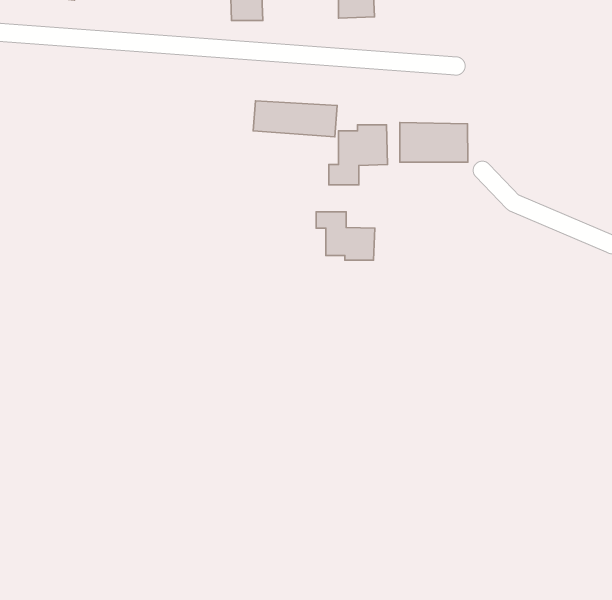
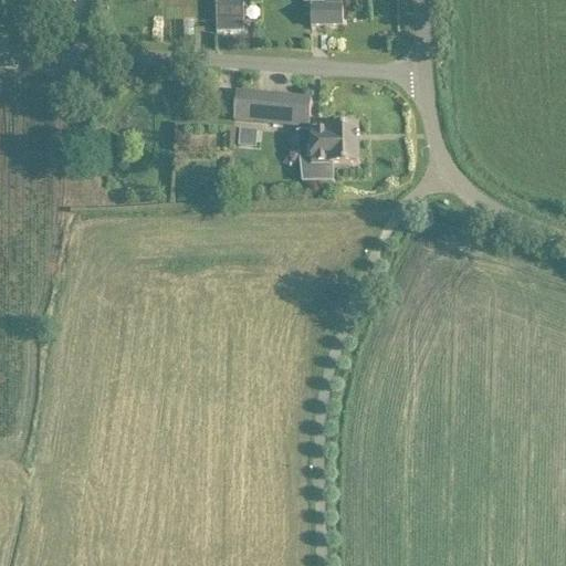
building: [400,122,468,162] -> none
building: [316,212,375,260] -> none

